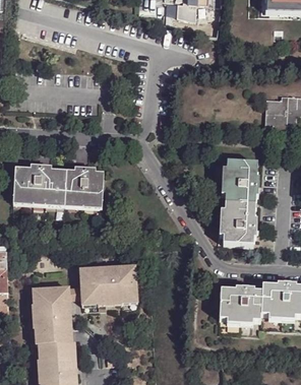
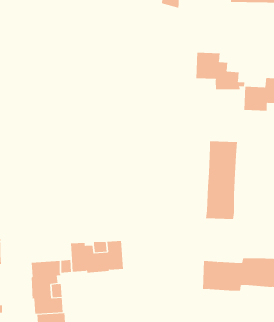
building: none -> [196,52,245,90]
building: [13,168,104,204] -> none

